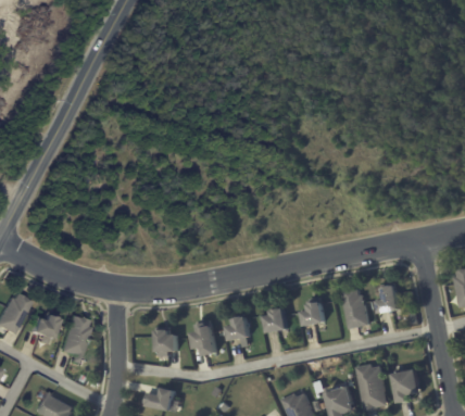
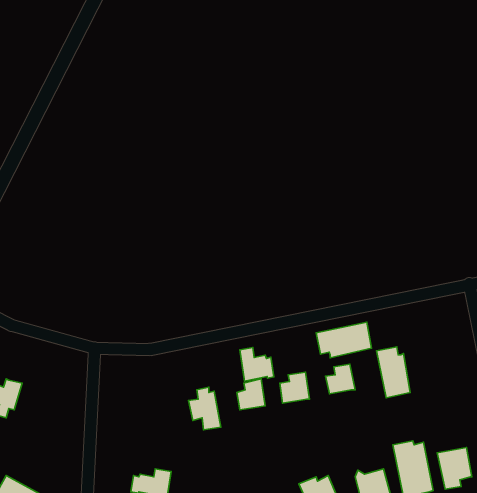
building: none -> [316,322,372,358]
building: [376,285,399,312] -> none
building: none -> [240,348,274,381]
building: [58,314,87,362] -> none
building: [156,328,178,351] -> none

